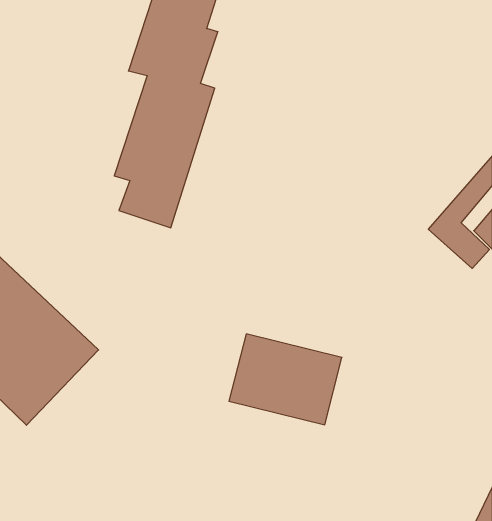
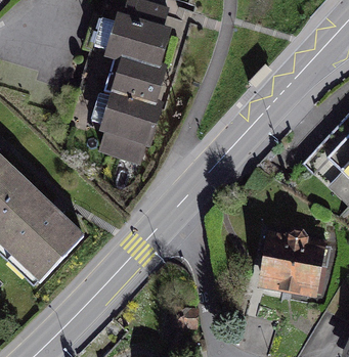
building: [229,334,342,425] -> [258,235,332,295]

